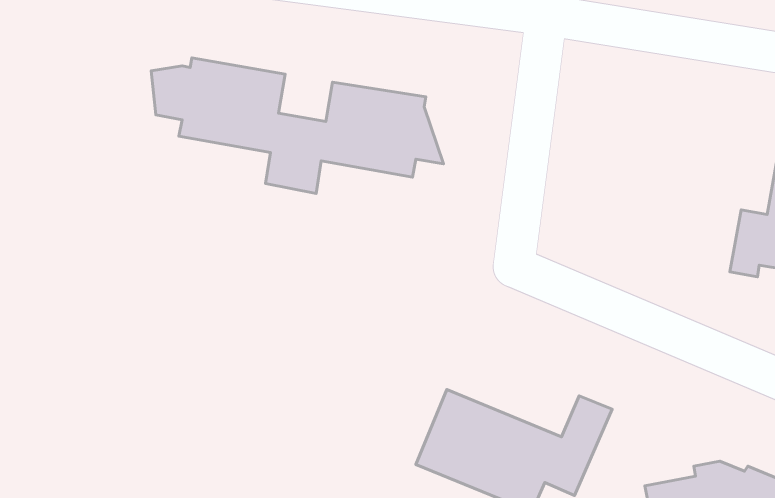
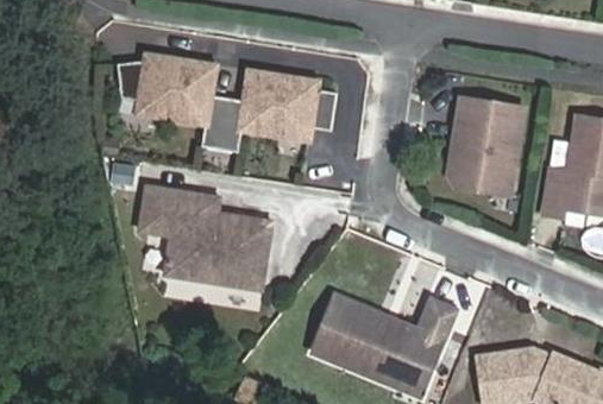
building: none -> [447,94,522,187]
building: none -> [139,187,271,290]

